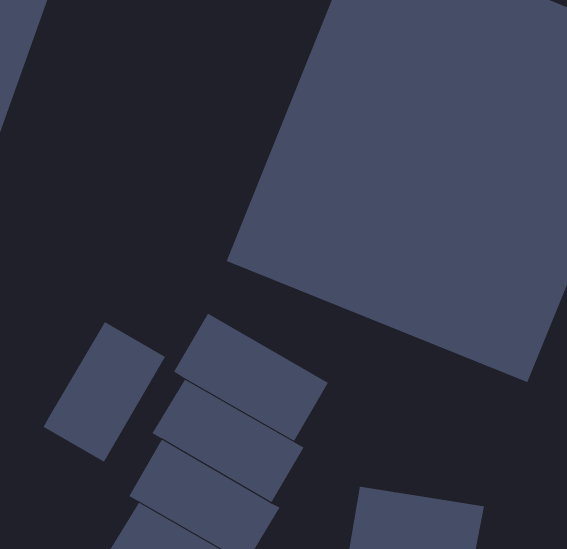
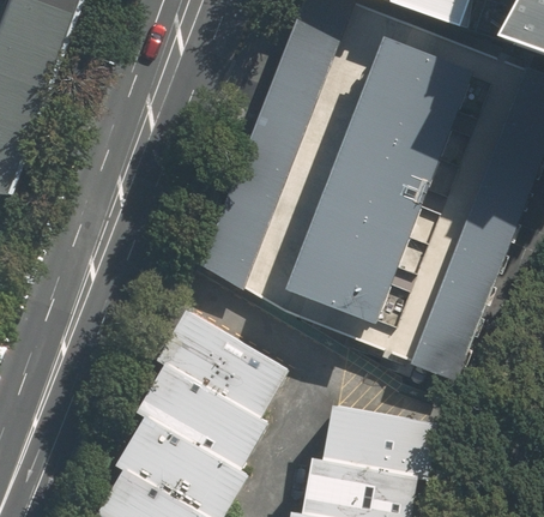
building: [43,321,166,463] -> none
building: none -> [321,405,440,475]

